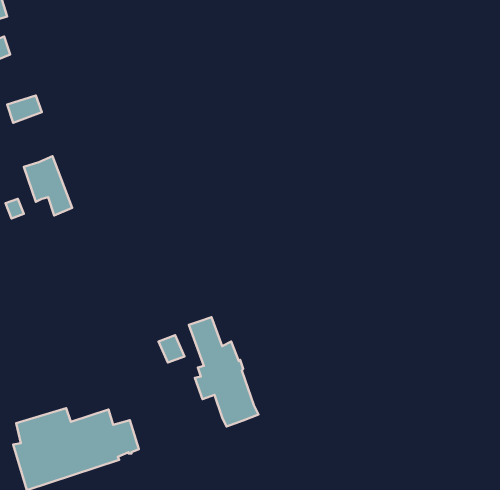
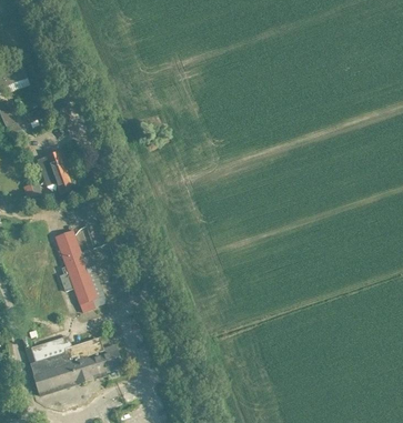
building: [189,317,258,427] -> [54,232,105,312]

